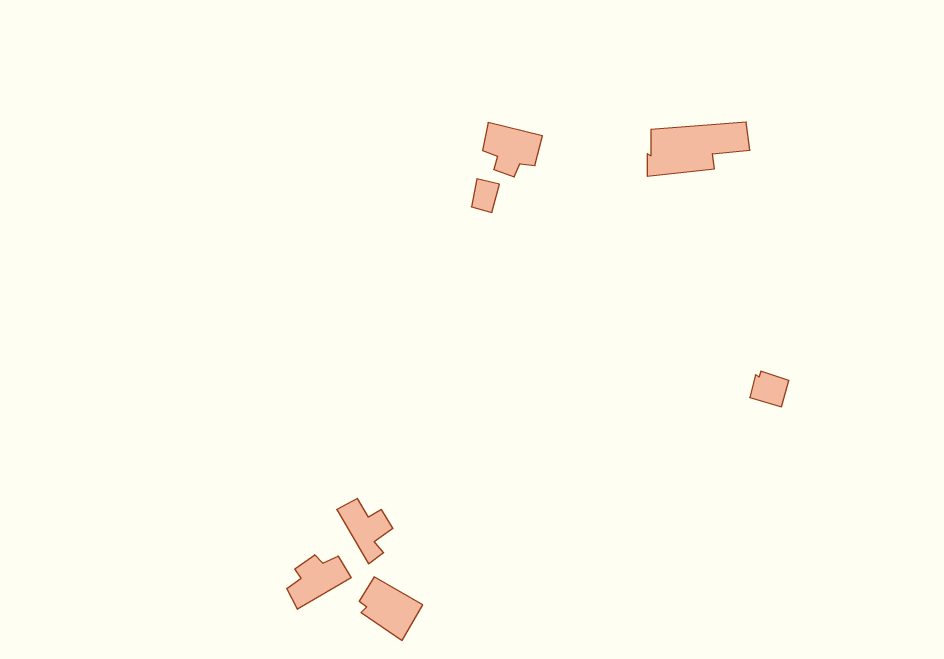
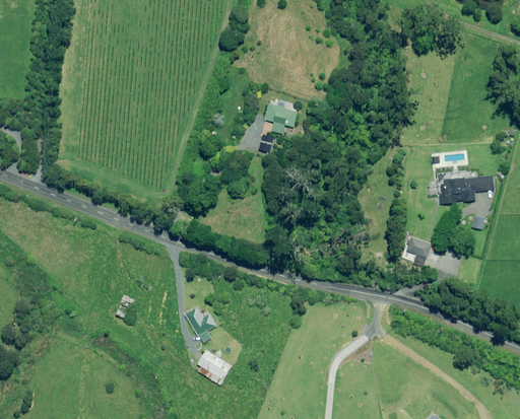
building: [647,122,750,176] -> [440,173,496,203]
building: [287,555,351,609] -> none

